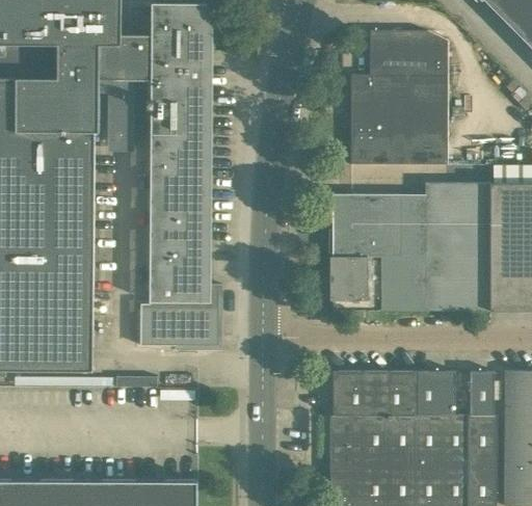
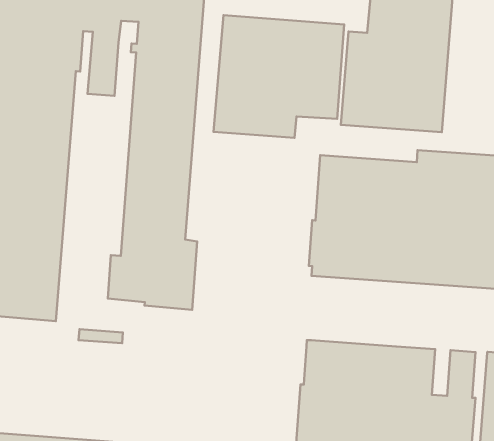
building: none -> [214,15,344,138]

